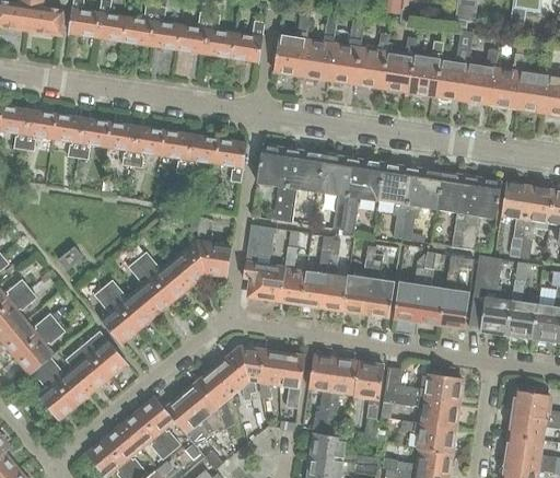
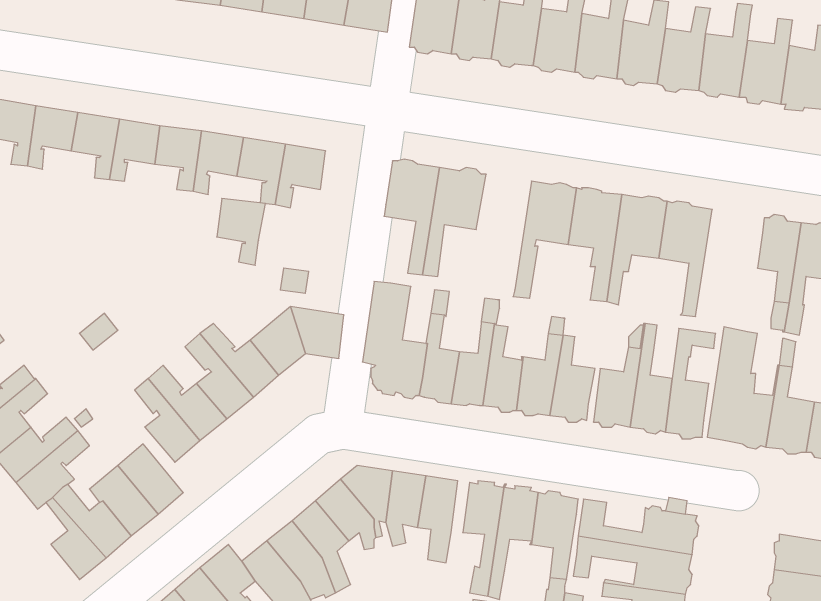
building: [215,139,247,183] -> [217,198,265,265]
building: [317,153,353,230] -> none
building: [460,177,501,249] -> none

